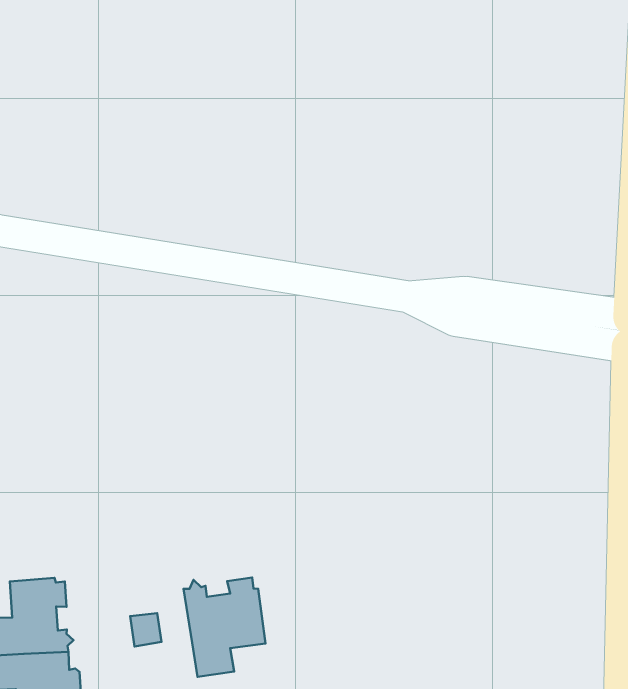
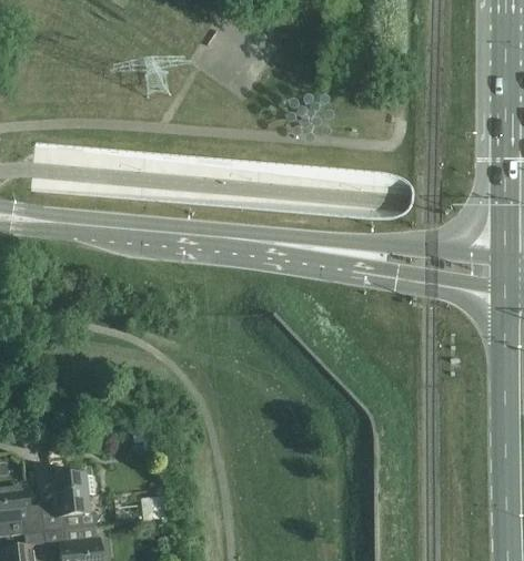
building: [183,577,266,677] -> none

